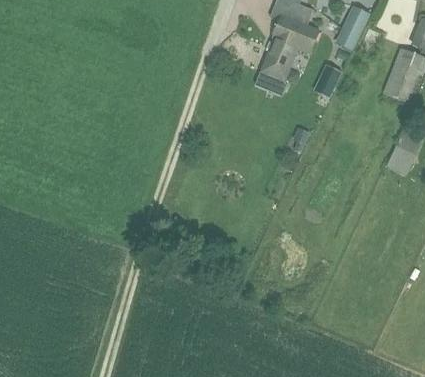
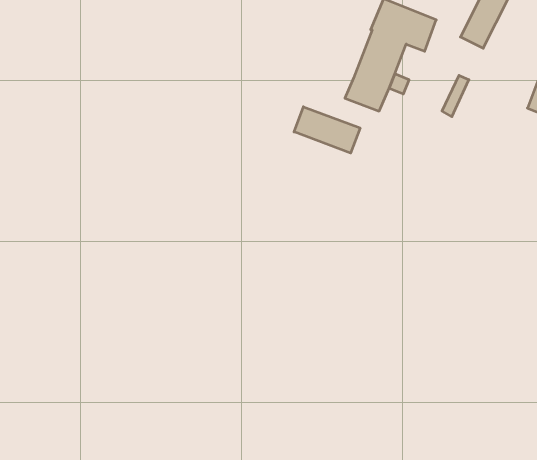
building: none -> [294,107,360,153]

